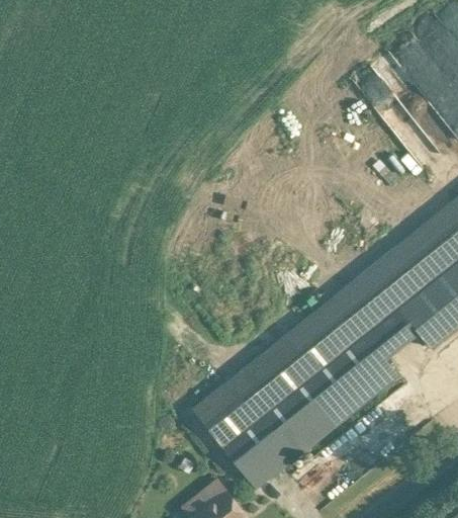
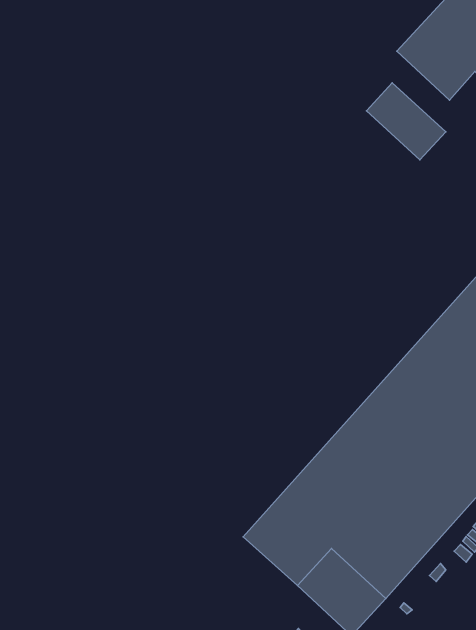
building: none -> [366,83,446,160]

